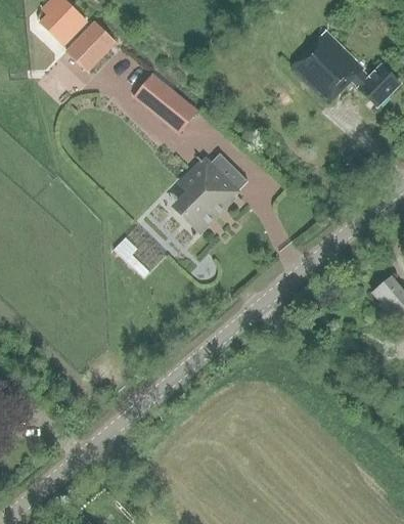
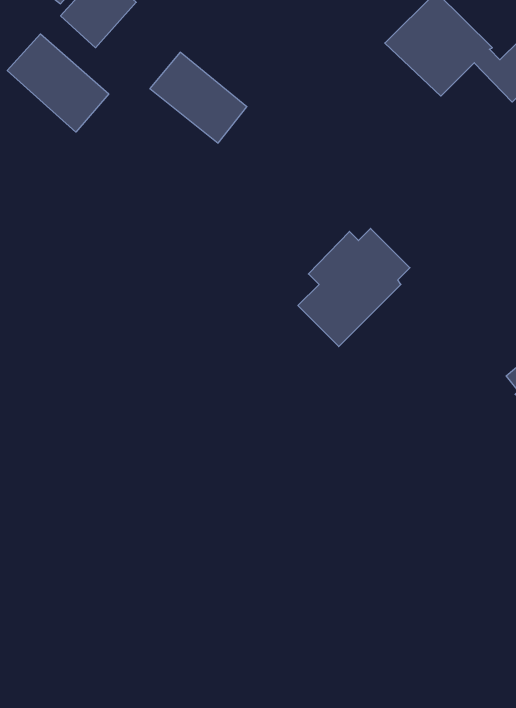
building: none -> [7,34,109,132]
building: [171,152,246,232] -> [298,228,410,347]

